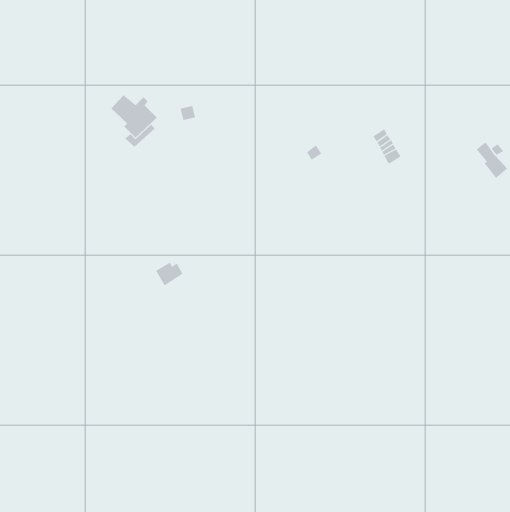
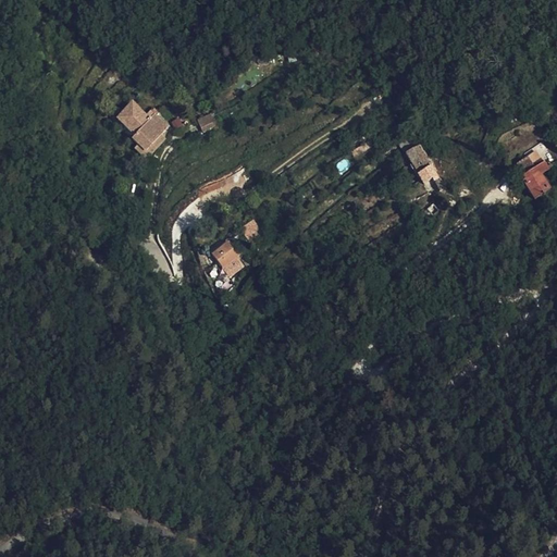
building: [155,262,183,286] -> [211,243,242,269]

